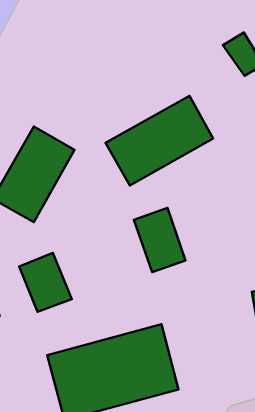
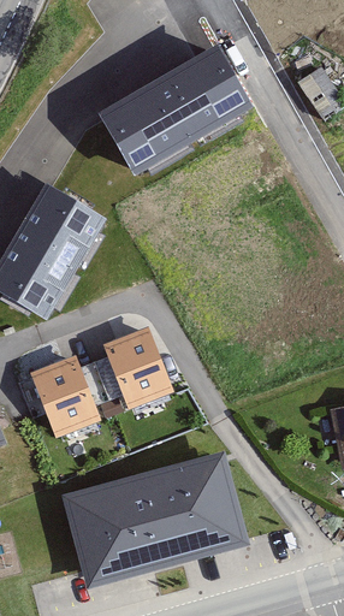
building: [105,96,213,185] -> [101,53,244,172]
building: [134,208,185,272] -> [100,321,168,407]

